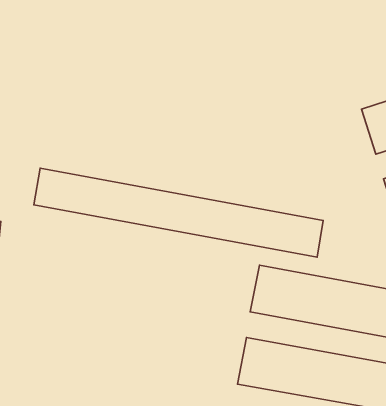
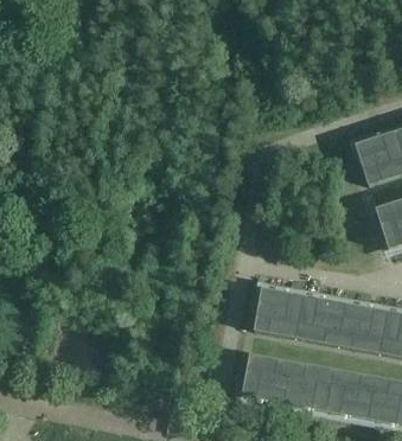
building: [34,168,323,257] -> none

